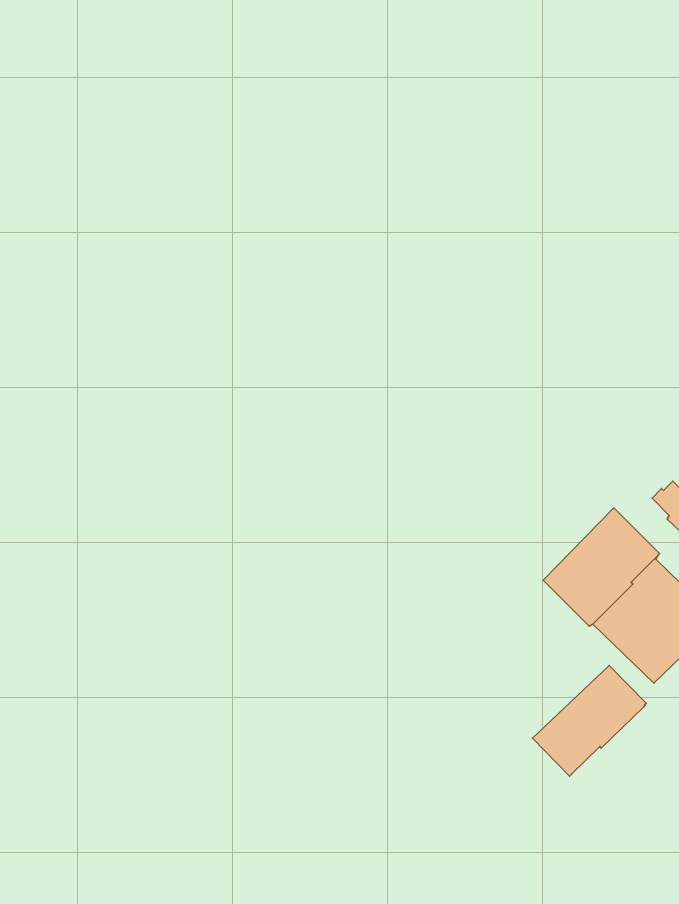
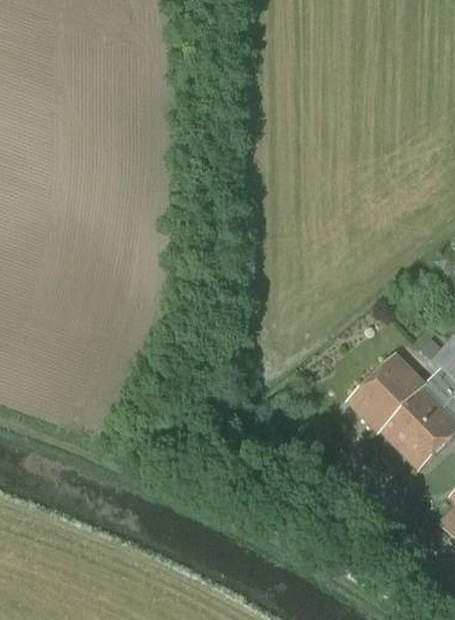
building: [533,665,646,776] -> none

